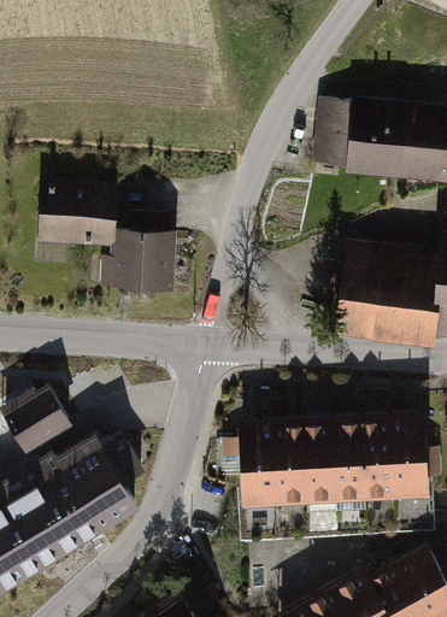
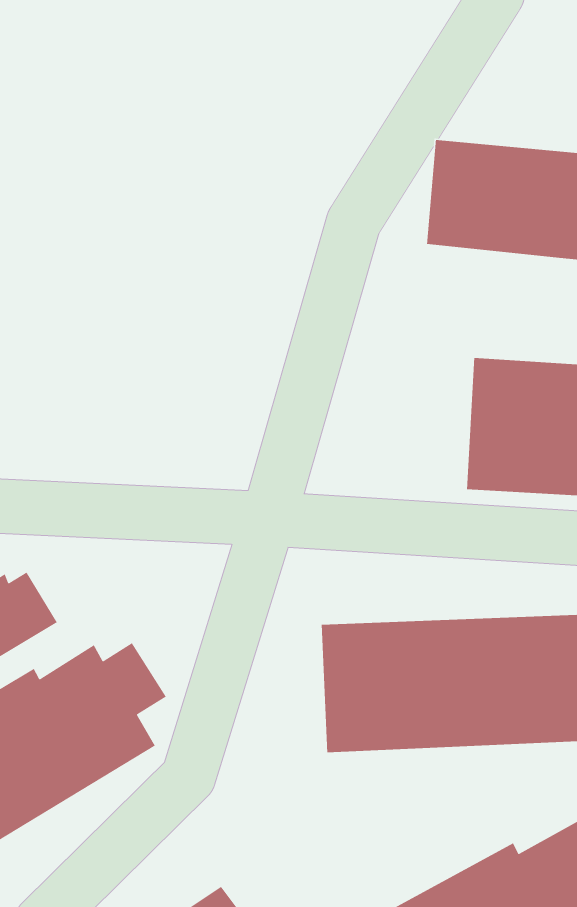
building: [36,180,180,294] -> none

